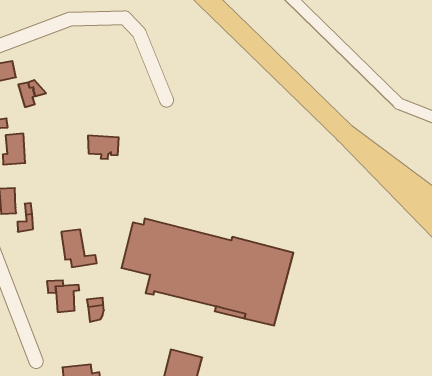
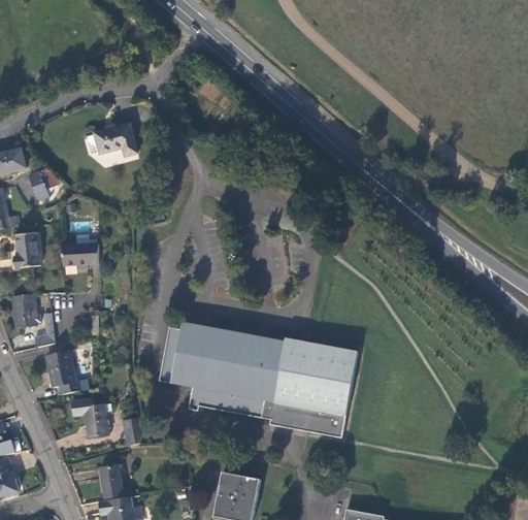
building: none -> [86,124,134,155]
building: [88,136,119,159] -> [60,242,96,268]
building: [61,229,97,267] -> [45,350,89,394]
building: none -> [99,464,122,496]

